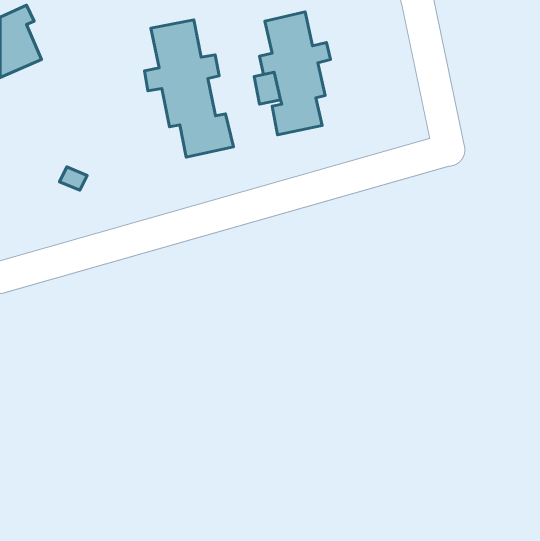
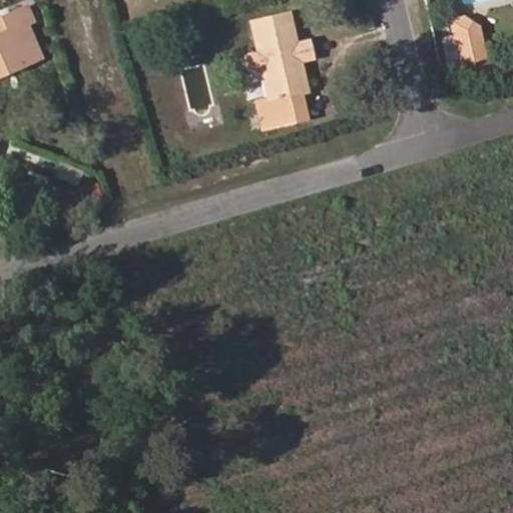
building: none -> [453,17,497,75]
building: [144,20,233,157] -> none

